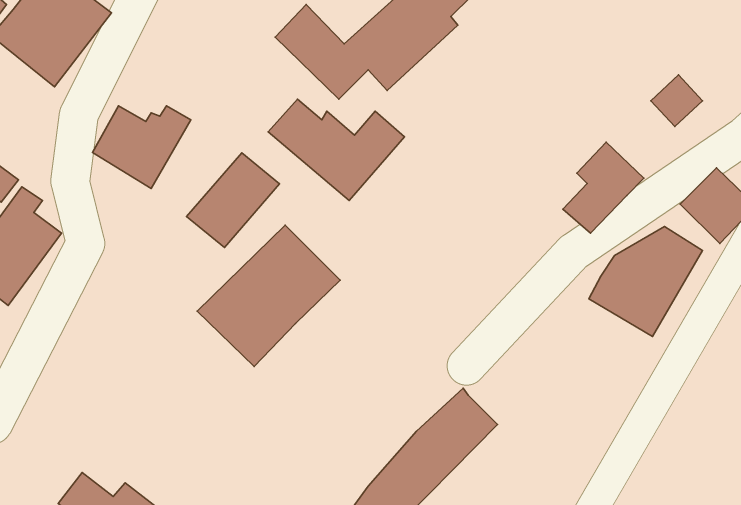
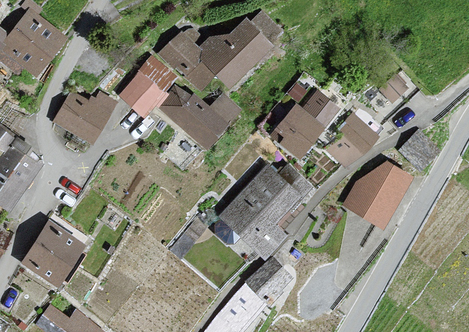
building: none -> [272,94,335,159]
building: [187,153,280,247] -> [120,57,174,112]
building: [197,225,340,366] -> [220,165,303,247]
building: none -> [22,220,85,284]

